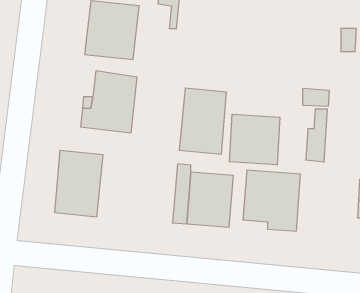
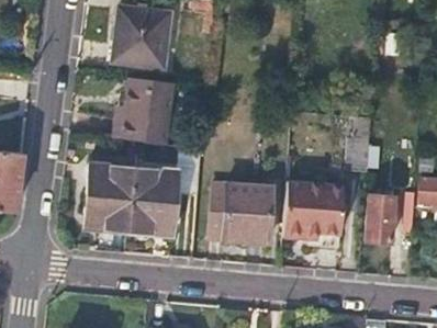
building: [179,88,227,154] -> [128,167,179,237]
building: [229,114,280,165] -> none
building: none -> [368,196,394,244]

